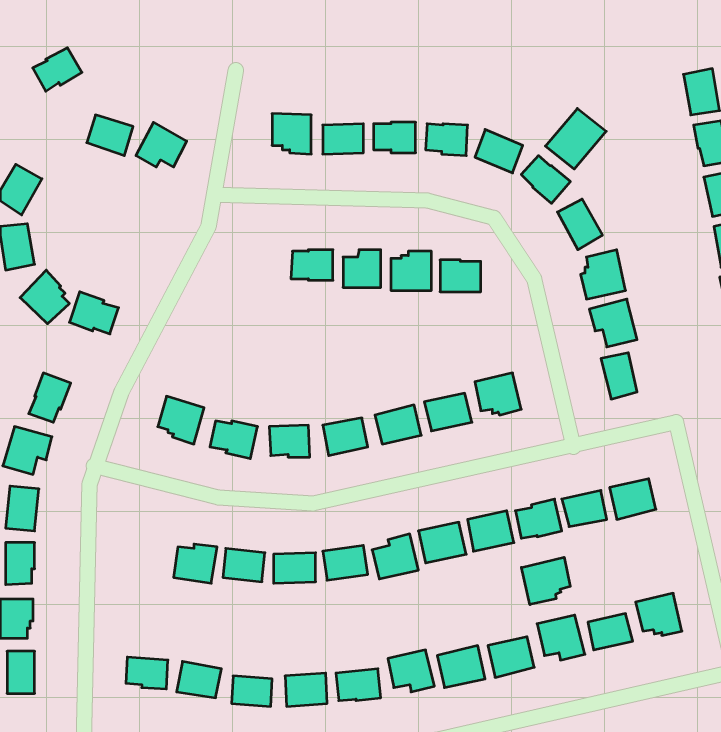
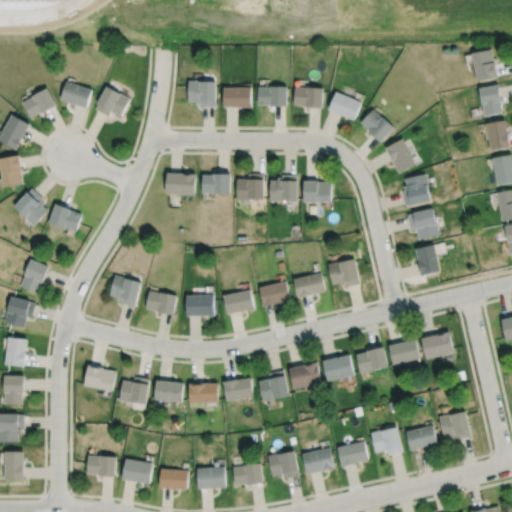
building: [33,48,82,91] -> [22,88,56,118]
building: [545,108,606,169] -> none
building: none -> [166,172,195,196]
building: none -> [84,364,116,391]
building: [521,557,570,605] -> none

